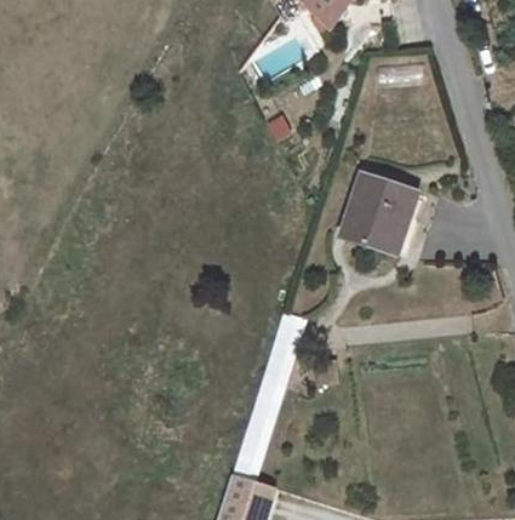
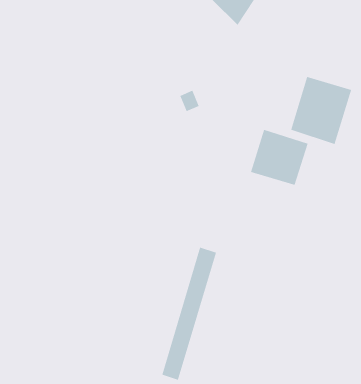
building: none -> [290,76,352,145]

